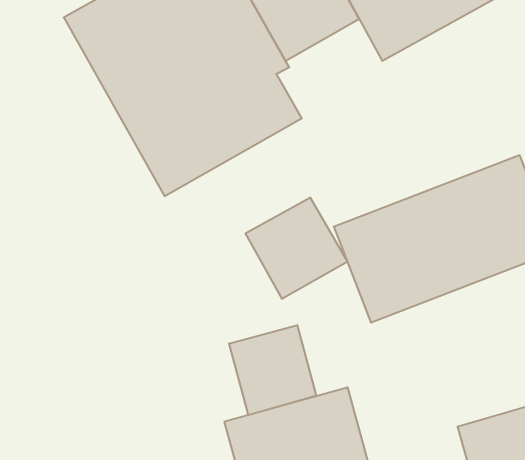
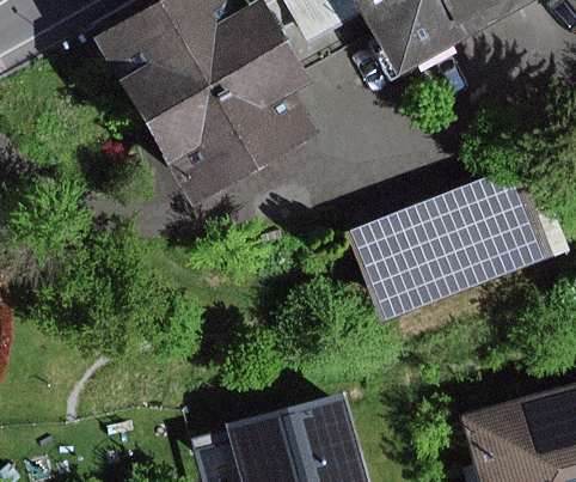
building: [246,197,347,299] -> none
building: [229,325,316,415] -> none

